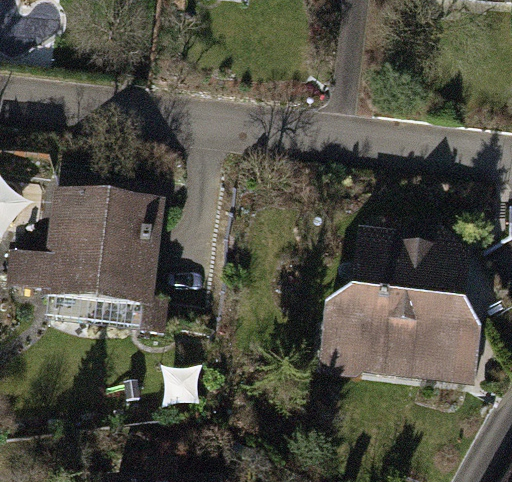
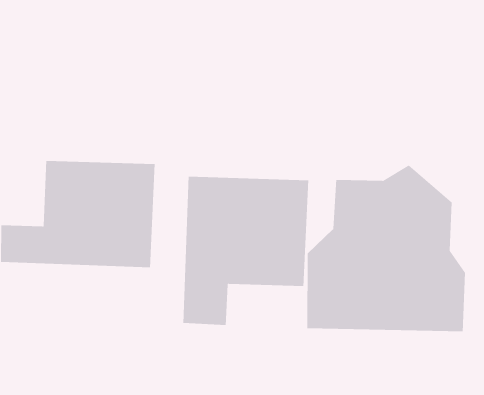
building: none -> [182,176,309,326]

